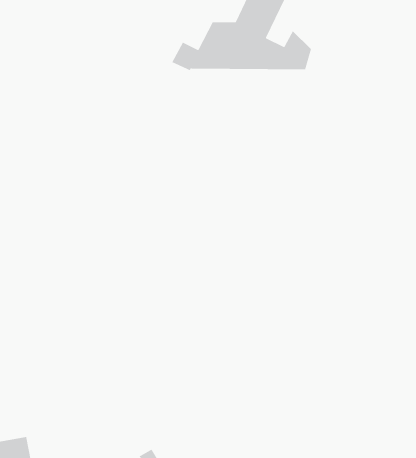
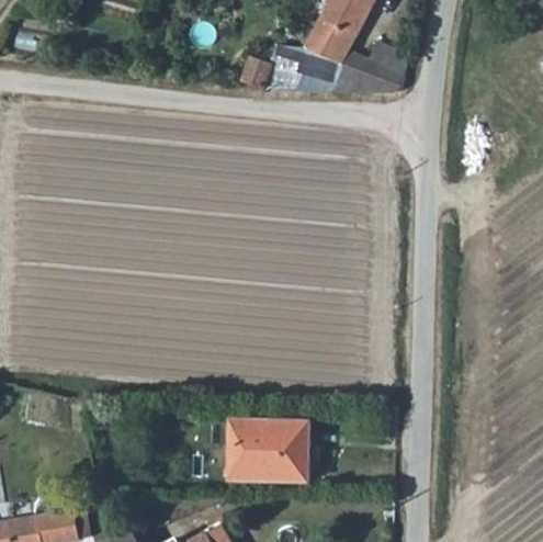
building: none -> [227,419,308,481]

